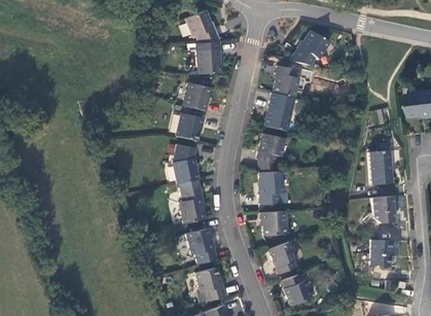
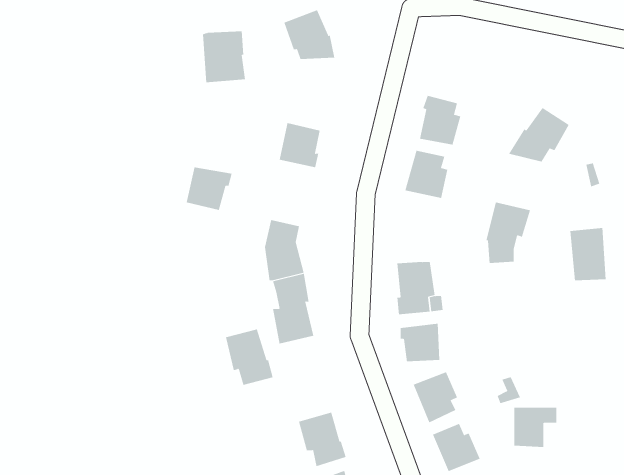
building: [288,31,327,66] -> [508,107,569,162]
building: [192,42,220,75] -> [202,31,246,83]
building: [175,114,205,142] -> [186,167,233,211]
building: [255,134,284,173] -> [485,202,531,263]
building: [364,196,393,232] -> none
building: [185,229,216,265] -> [225,329,274,386]
building: [368,240,396,266] -> [514,407,557,448]

